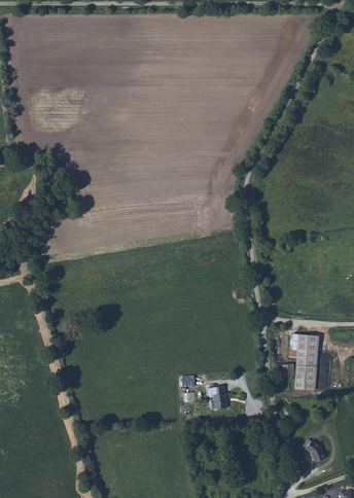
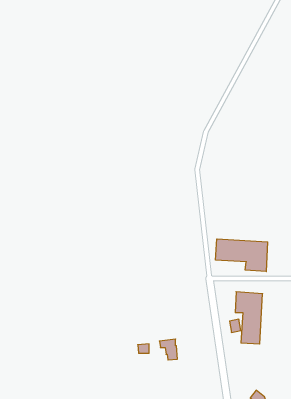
building: none -> [216,239,268,272]

